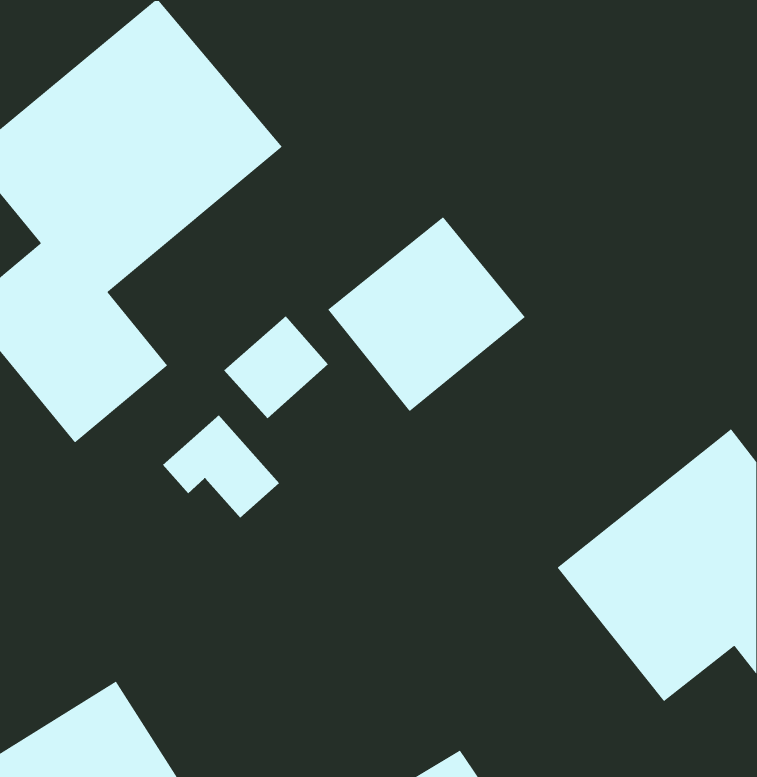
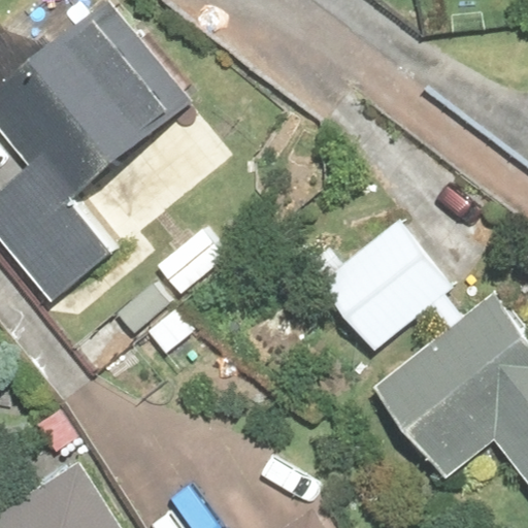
building: [327,216,526,412] -> [319,219,453,351]

